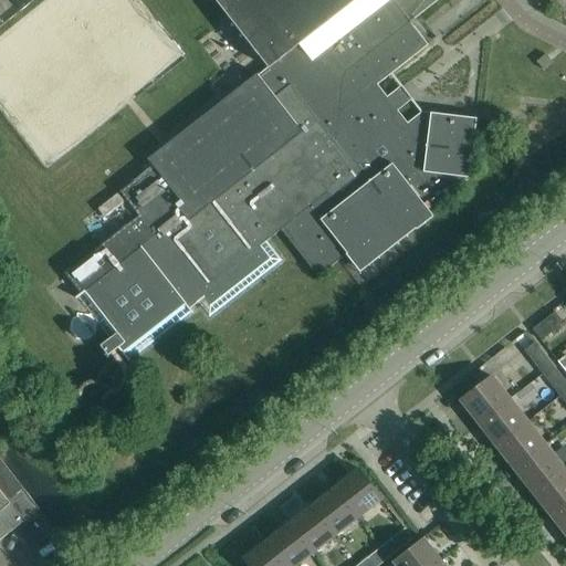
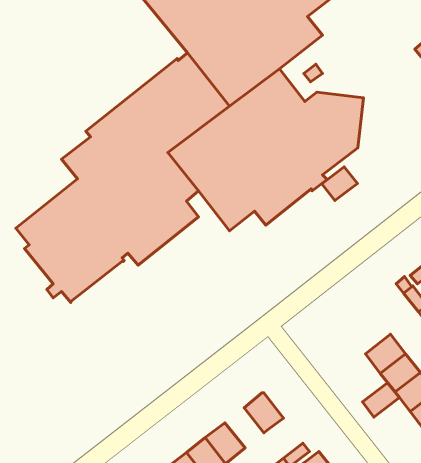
building: none -> [322,167,357,201]
building: [461,375,509,421] -> none
building: none -> [362,383,399,417]
building: [312,485,358,533] -> none

